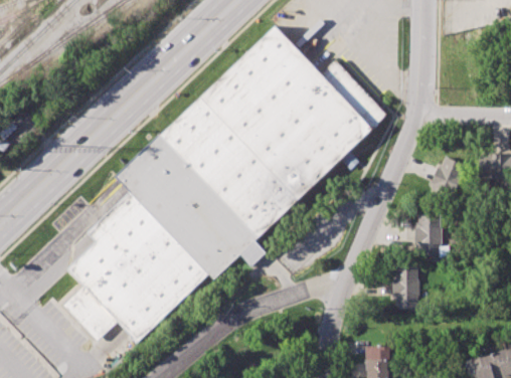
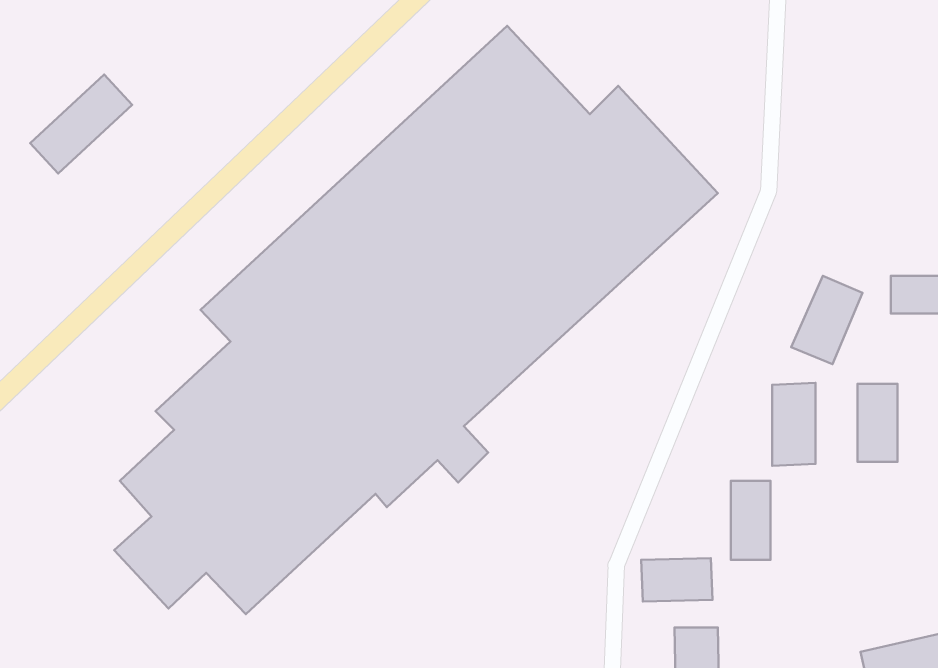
building: none -> [30,75,132,173]
building: none -> [858,384,898,462]
building: none -> [641,558,713,601]

